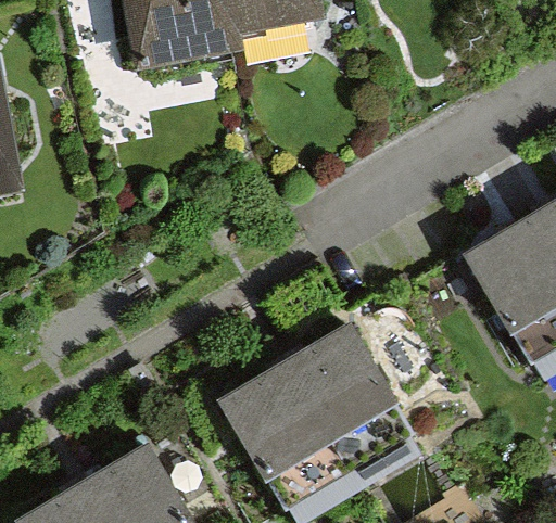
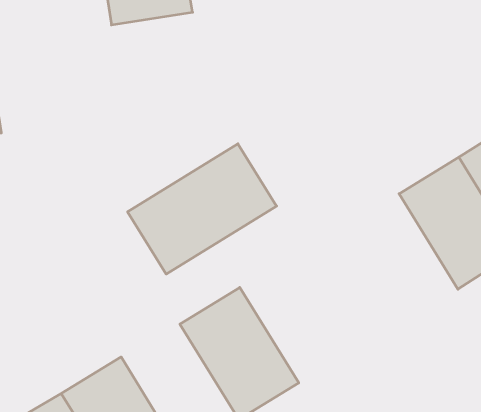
building: none -> [128,144,277,274]
building: [282,320,416,469] -> none

